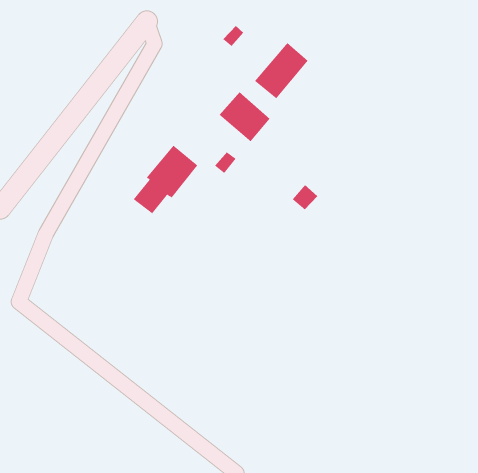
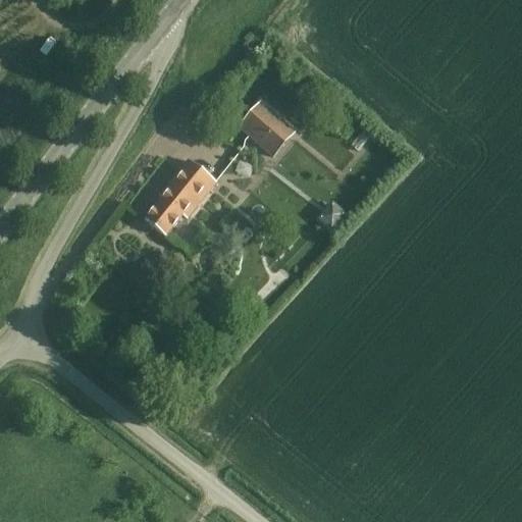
building: [254,42,308,99] -> none

